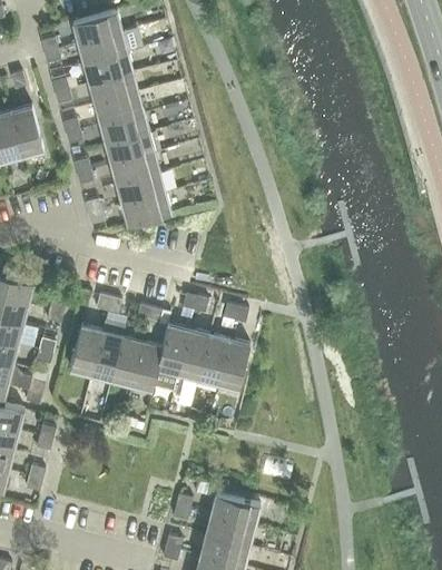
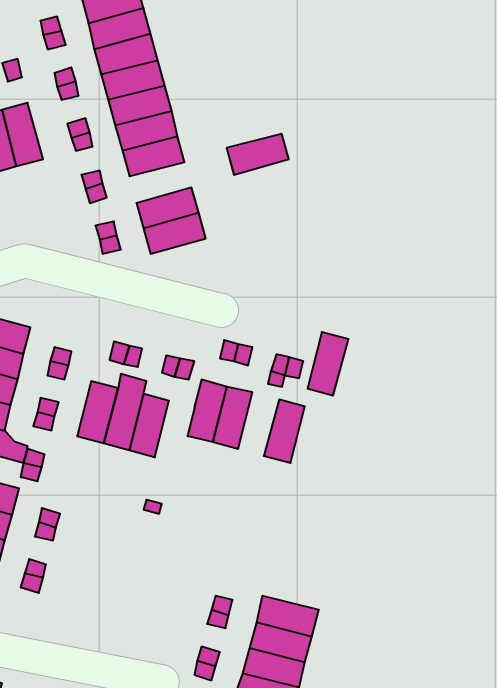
building: [110,153,159,185] -> [227,134,289,175]
building: [196,334,228,384] -> [308,332,349,396]
building: [130,341,161,390] -> none

